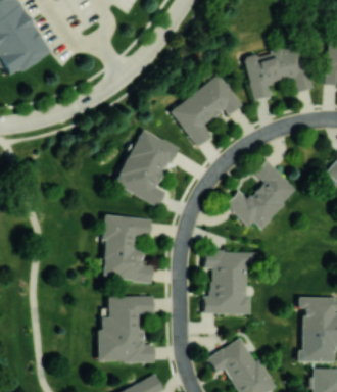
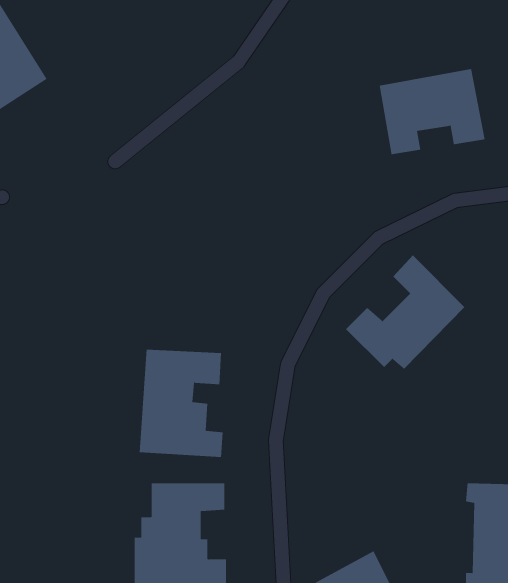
building: [171,74,243,146] -> none
building: [114,129,178,206] -> none
building: [204,250,256,313] -> none

